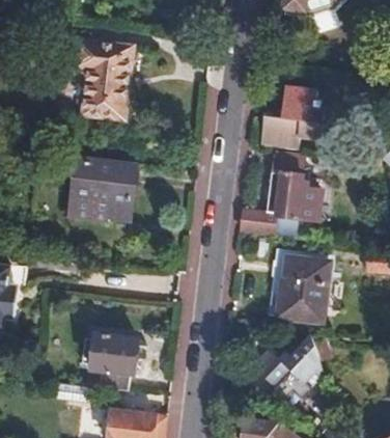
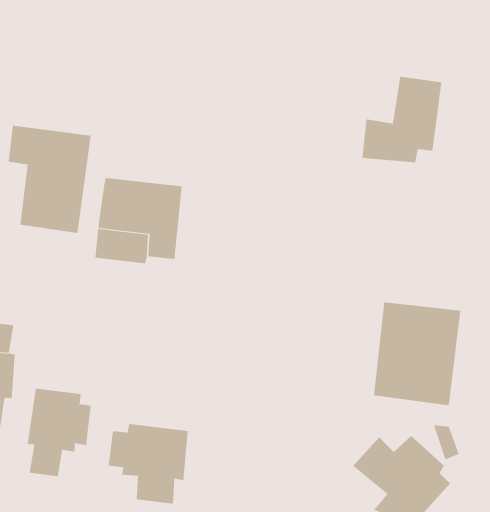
building: [74,43,133,119] -> [8,125,91,234]
building: [242,153,319,237] -> none
building: none -> [27,388,91,477]

